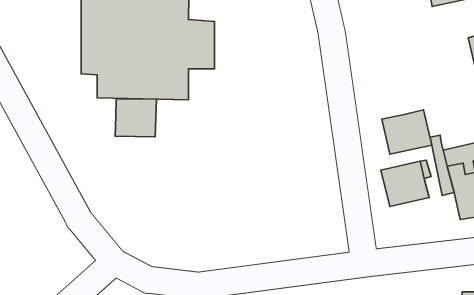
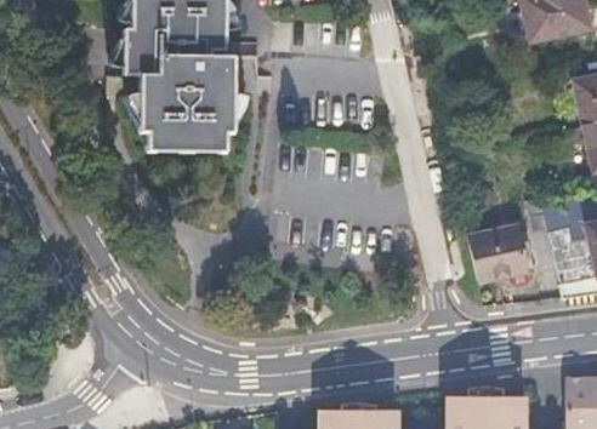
building: [115,99,156,137] -> none
building: [382,110,432,154] -> none

